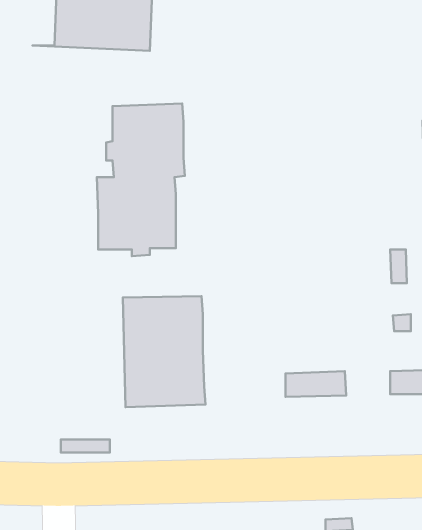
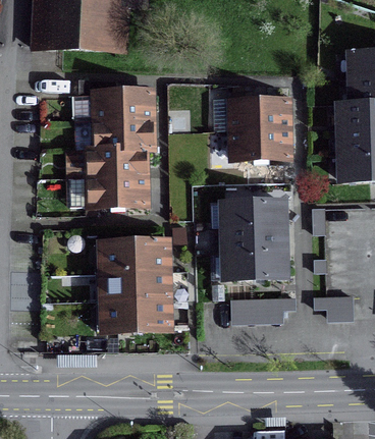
building: none -> [225,101,287,164]
building: none -> [211,201,283,279]

